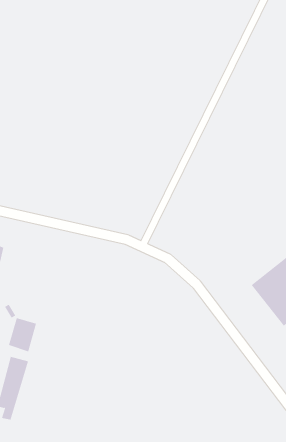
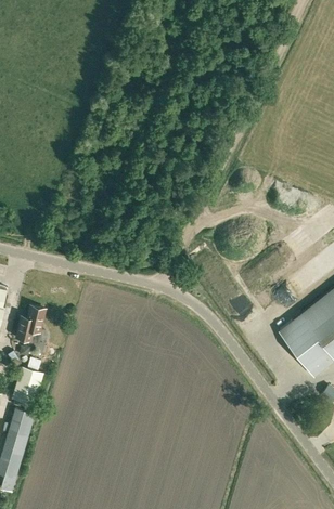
building: none -> [15,309,44,345]

